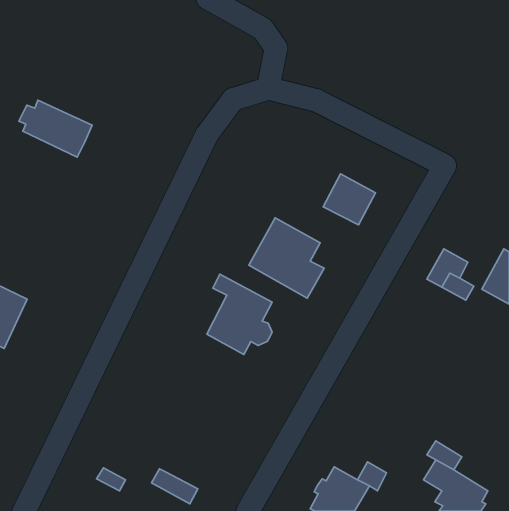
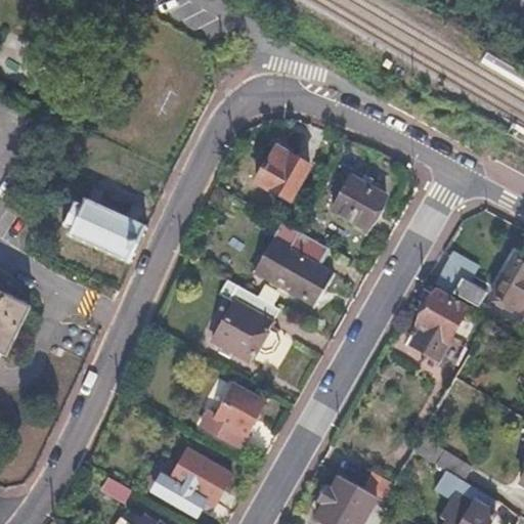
building: [19,100,92,157] -> [69,201,143,259]
building: none -> [253,148,306,202]
building: none -> [413,292,468,361]
building: none -> [200,384,264,446]
building: none -> [169,450,230,505]

